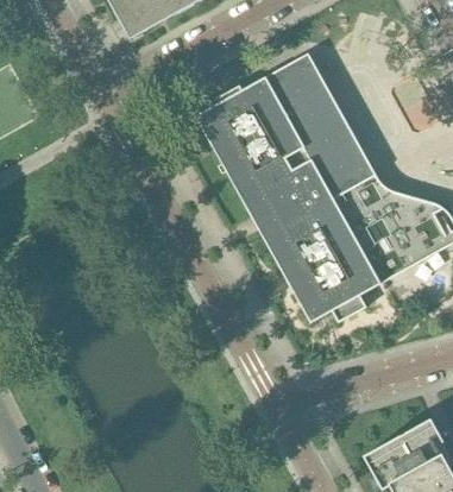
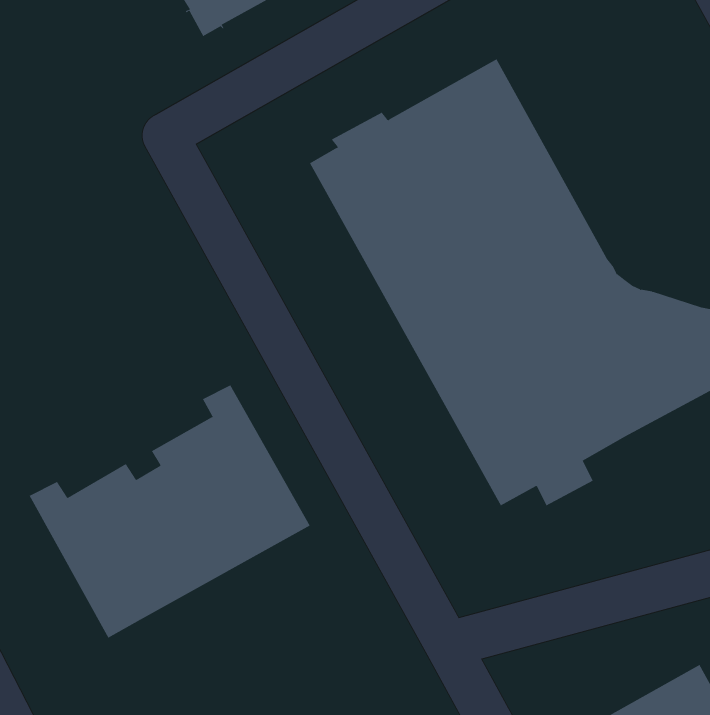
building: none -> [29,385,310,639]

